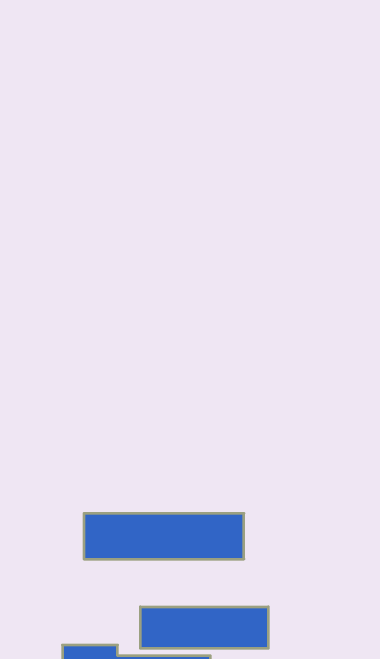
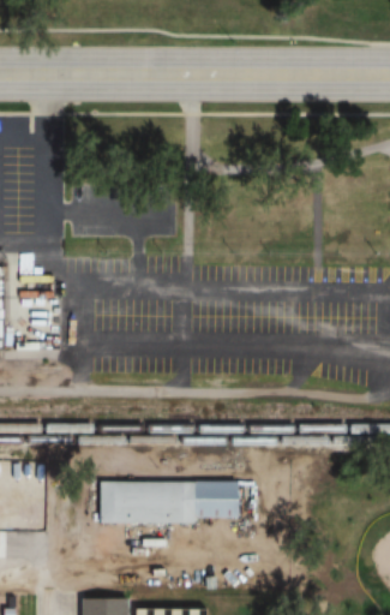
building: [140,607,268,648] -> none

